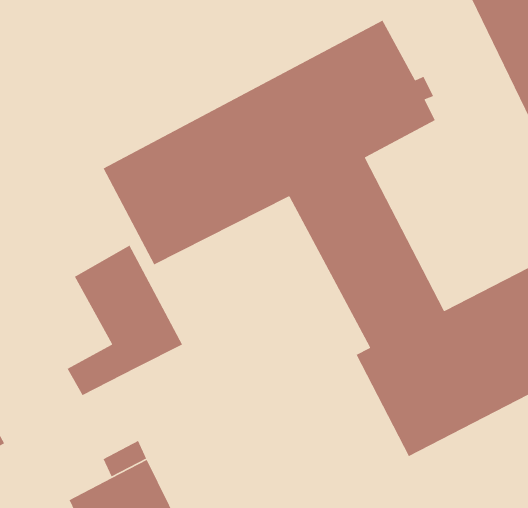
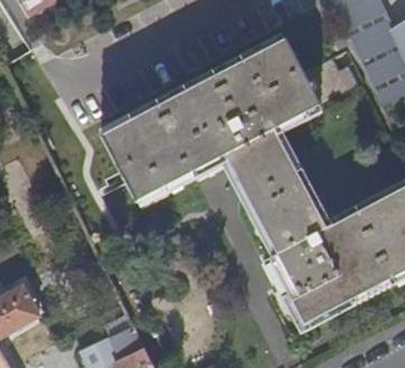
building: [67,245,183,396] -> none

